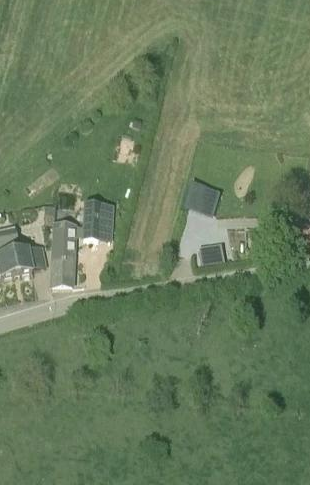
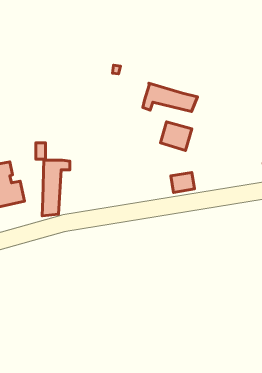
building: none -> [143,83,198,112]
building: [83,204,112,238] -> none

